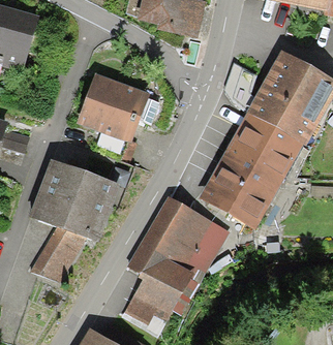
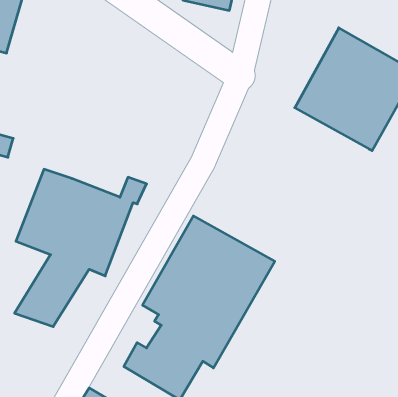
building: [78,72,149,159] -> none
building: [199,112,304,228] -> none

